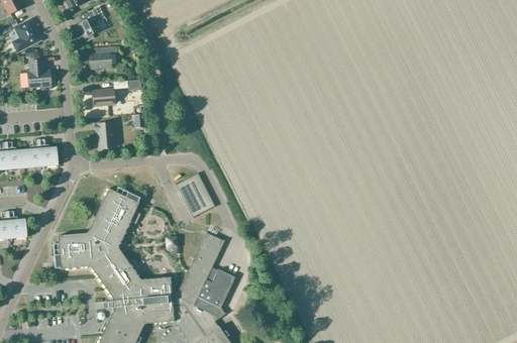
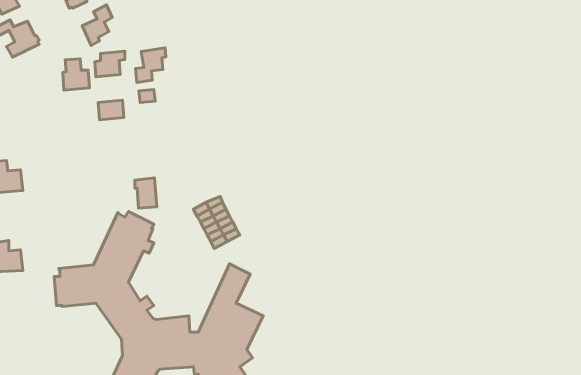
building: none -> [135,48,166,82]
building: [27,61,50,88] -> [63,59,89,90]
building: [95,122,114,148] -> [135,178,157,208]
building: [24,139,59,167] -> none

